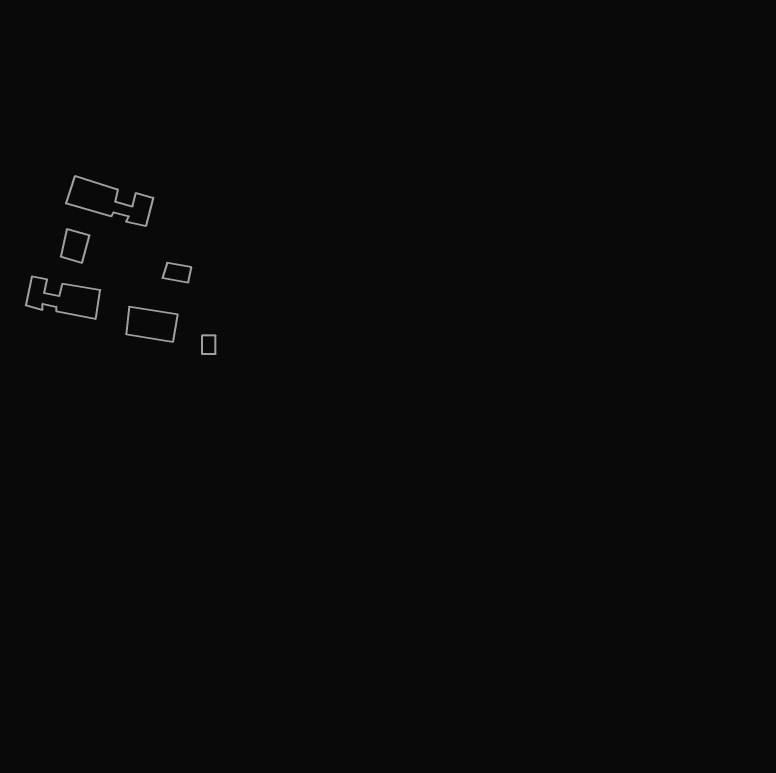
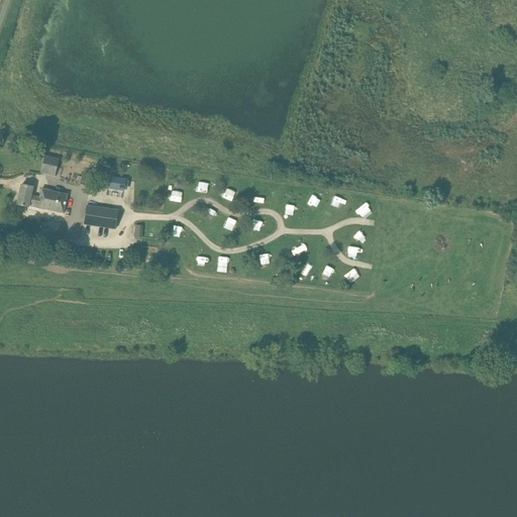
building: [66,176,153,226] -> none

